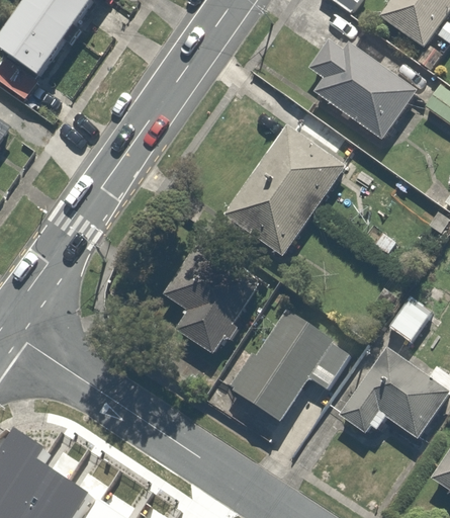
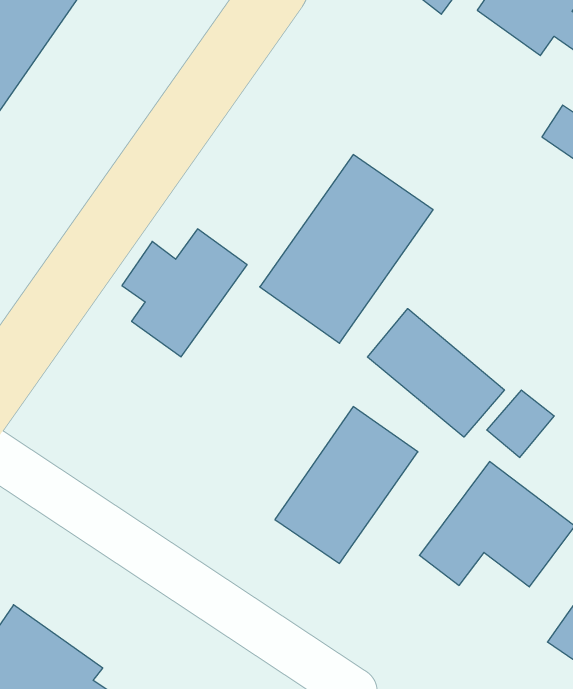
building: [307,37,418,139] -> none
building: none -> [367,309,504,437]
building: [170,259,262,353] -> [122,229,247,357]

